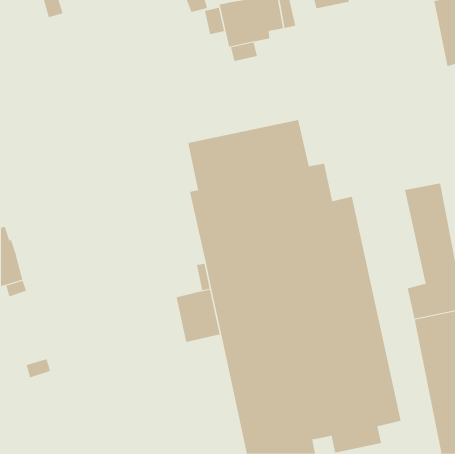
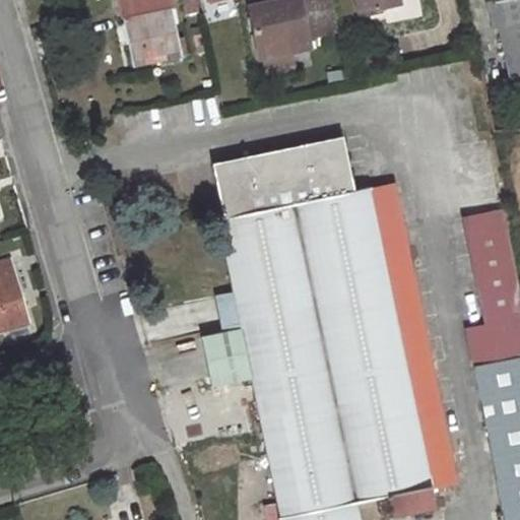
building: none -> [124,7,182,64]
building: none -> [371,181,402,229]

